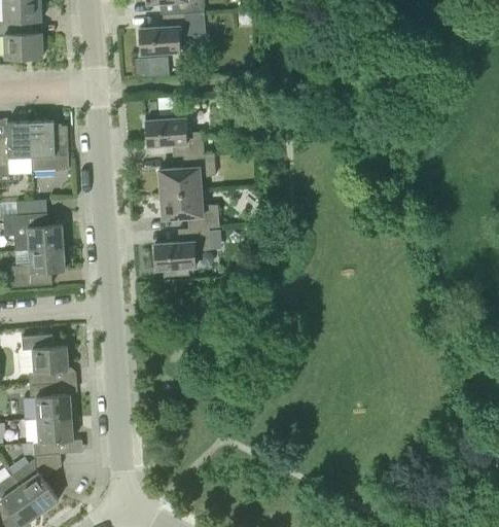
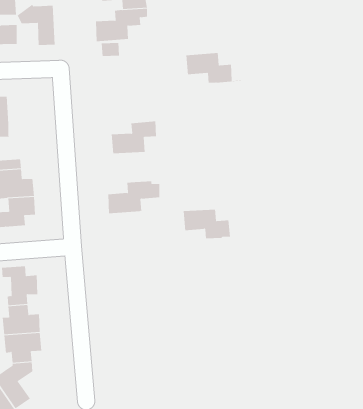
building: none -> [17,4,55,46]
building: [144,118,214,156] -> [186,53,242,83]
building: [29,121,68,172] -> none
building: [159,192,219,230] -> [183,209,231,239]

